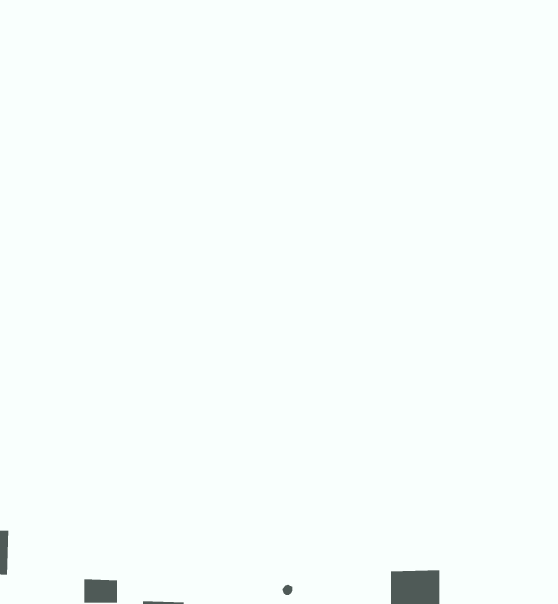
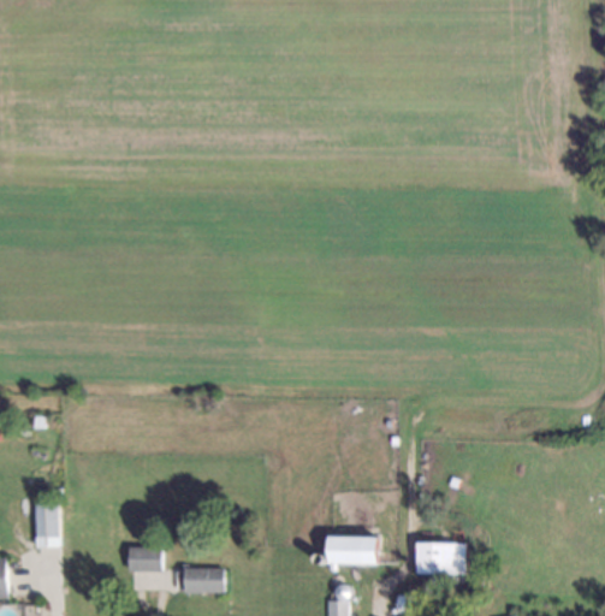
building: none -> [328,534,375,561]

